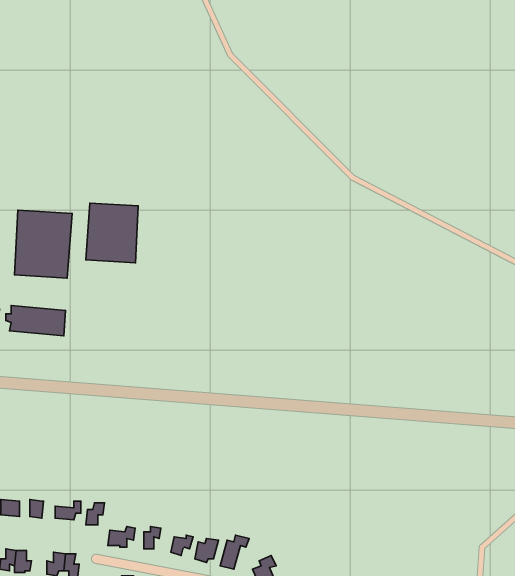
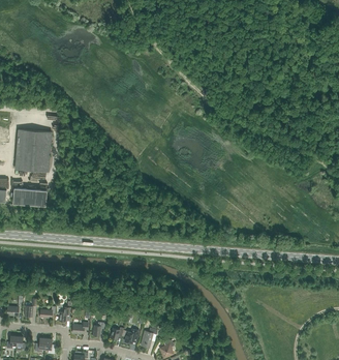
building: [86,203,138,263] -> none

